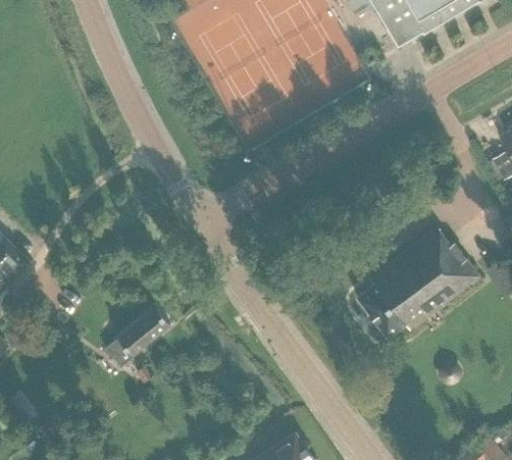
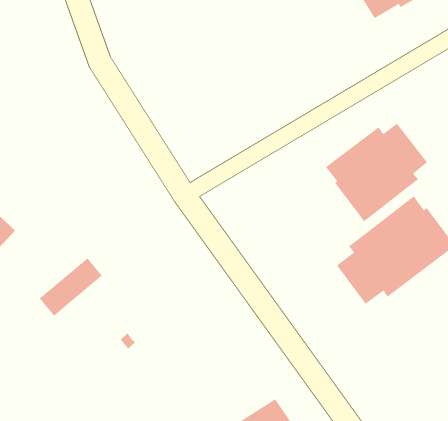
building: none -> [325,123,428,222]
building: [106,306,171,366] -> [39,258,103,316]

